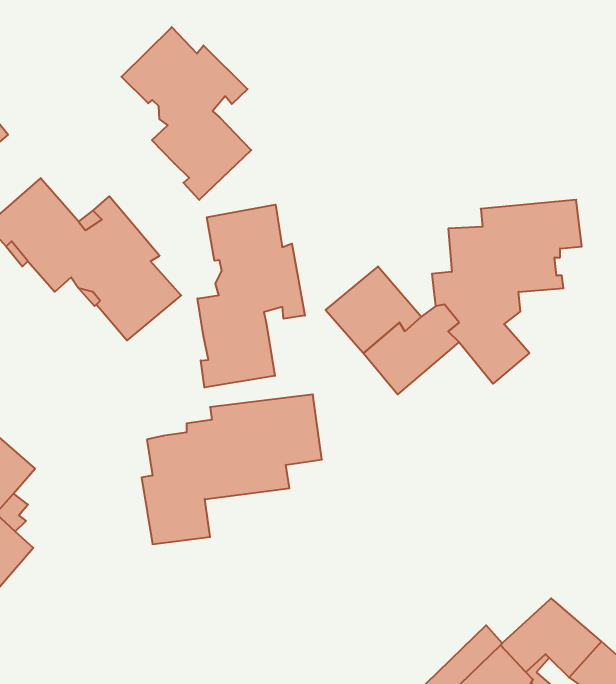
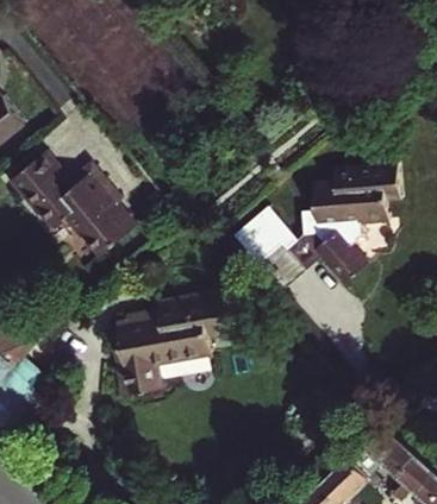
building: [121,27,251,200] -> none
building: [198,205,305,388] -> none

